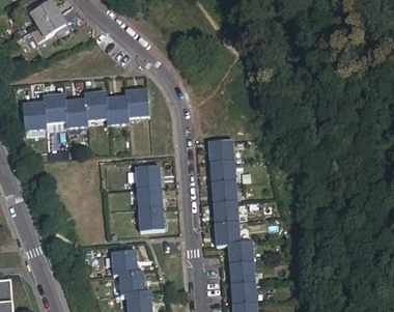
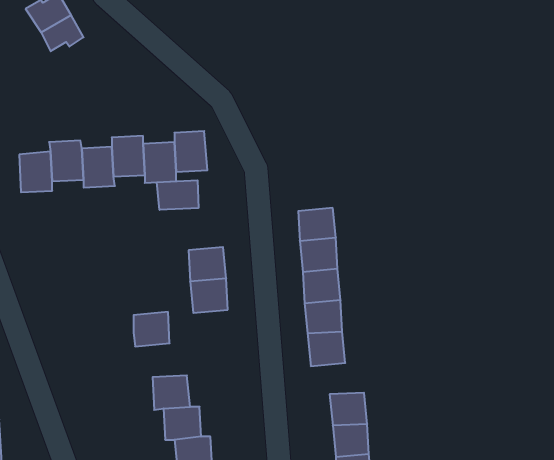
building: none -> [157,180,198,210]
building: [139,207,163,230] -> [134,312,170,346]
building: [228,242,252,263] -> none

